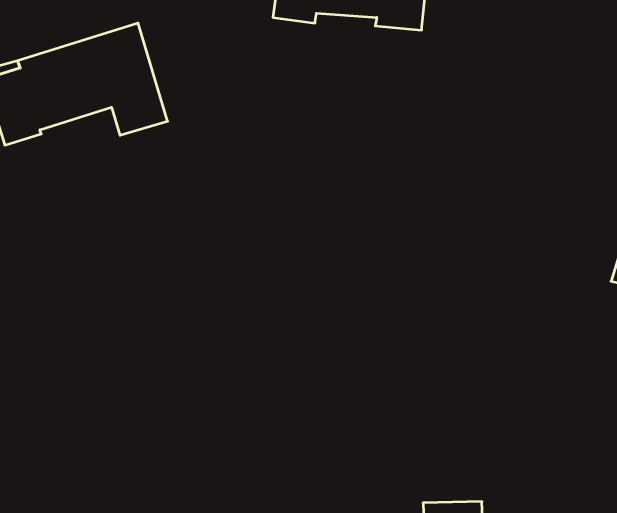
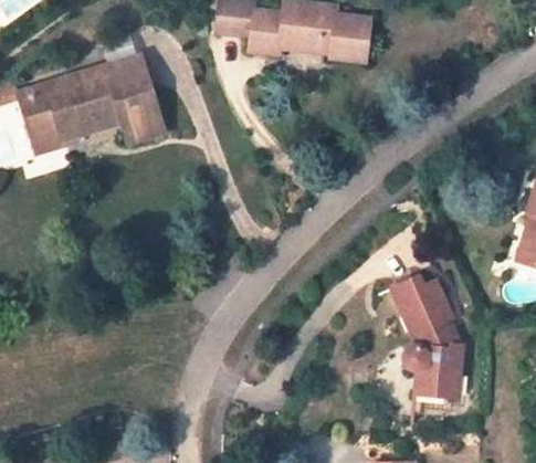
building: none -> [391,276,463,398]

